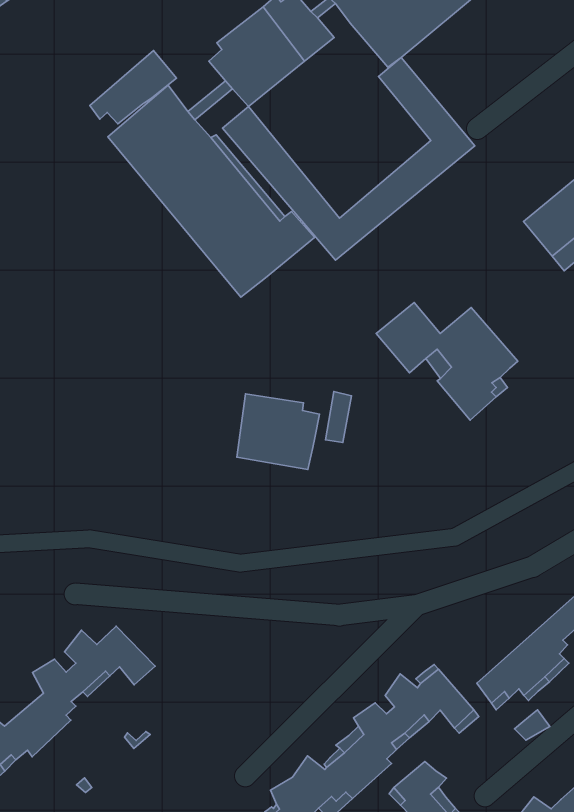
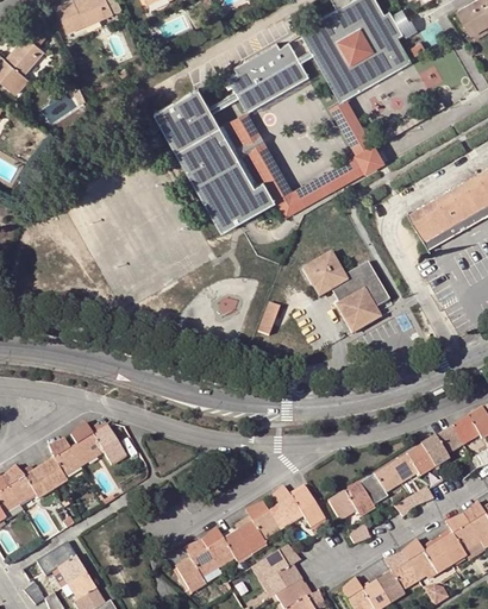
building: [90,50,177,124] -> none
building: [237,394,320,469] -> none

